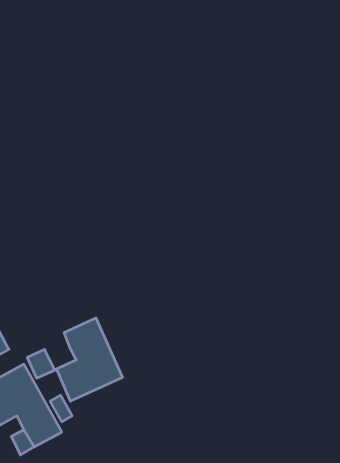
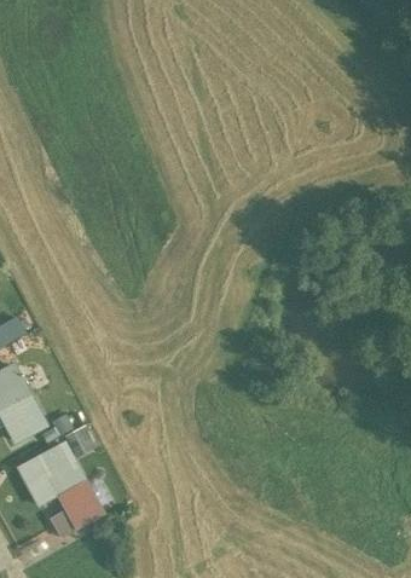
building: [56,318,122,401] -> none

